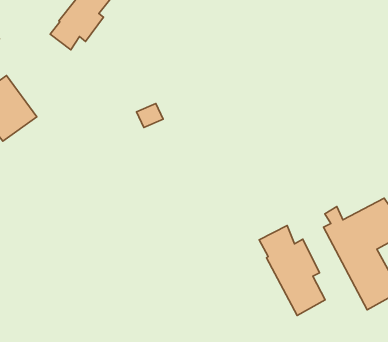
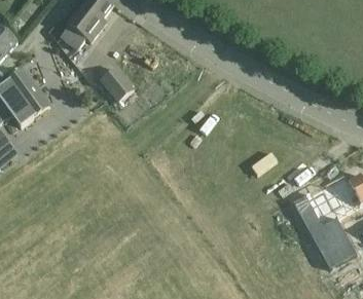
building: none -> [101,68,134,102]
building: [259,226,325,315] -> none

